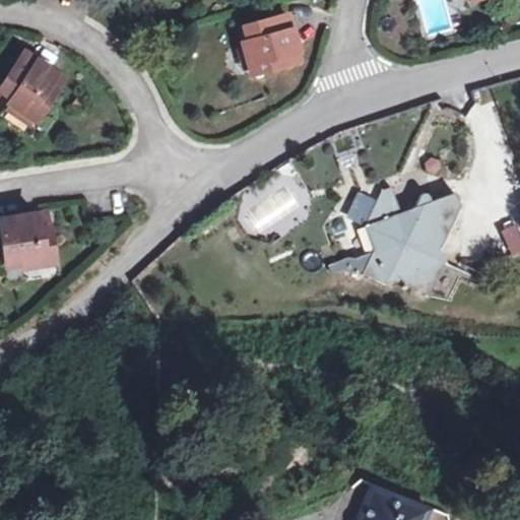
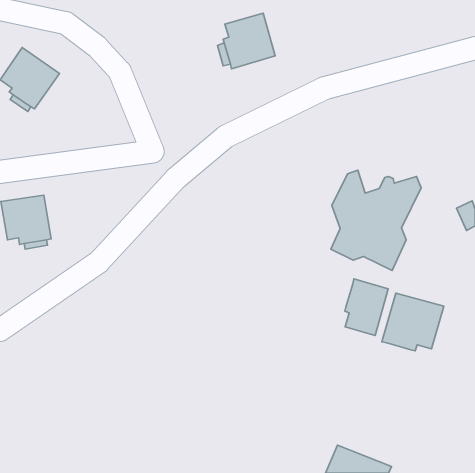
building: none -> [345,279,388,335]
building: none -> [382,293,444,351]

